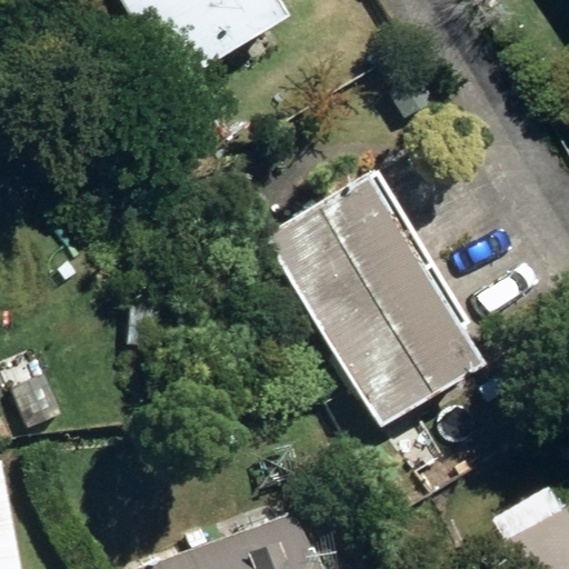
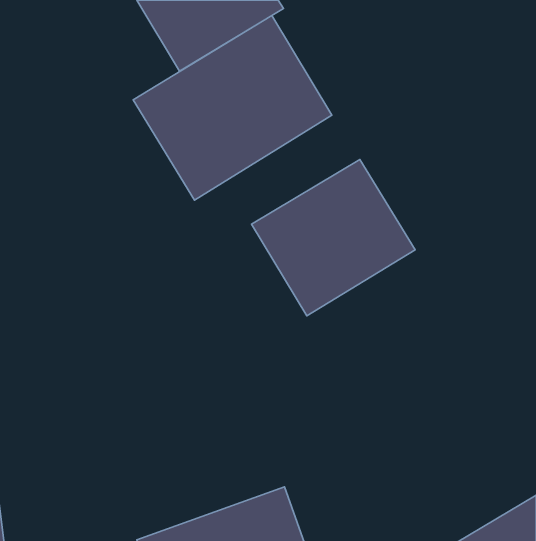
building: none -> [133,15,332,200]
building: [321,263,492,425] -> none

